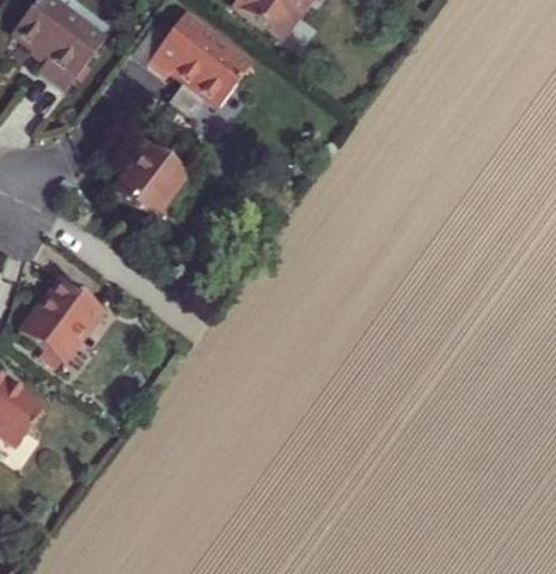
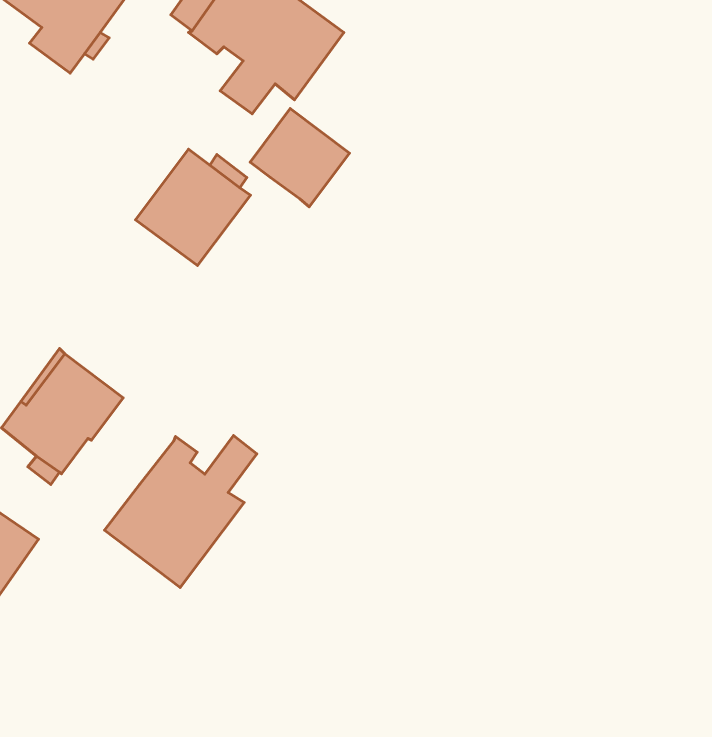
building: none -> [250,108,349,207]
building: none -> [104,435,257,587]

